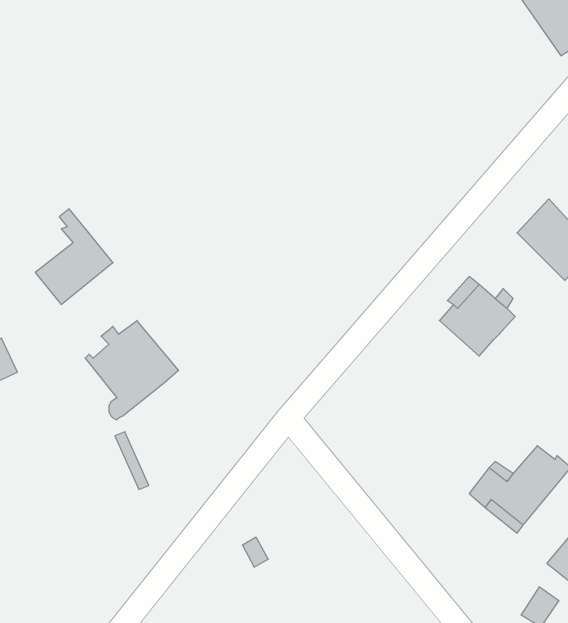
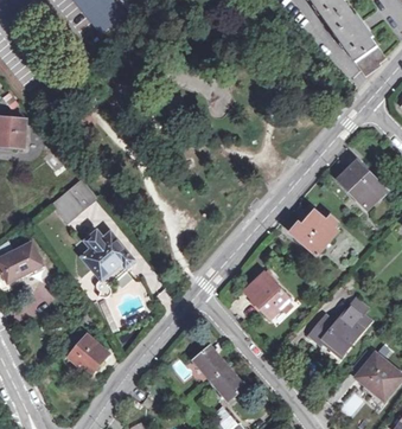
building: none -> [244,268,291,318]
building: none -> [66,332,107,372]
building: none -> [191,344,243,399]

